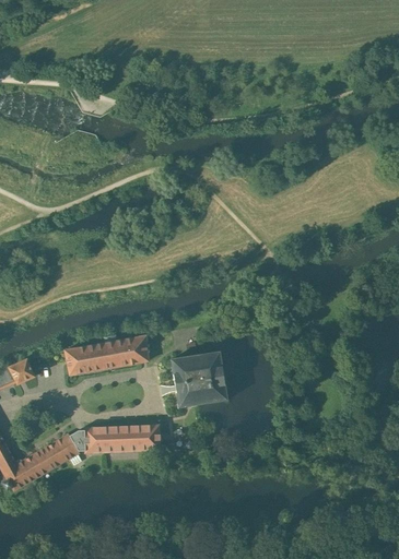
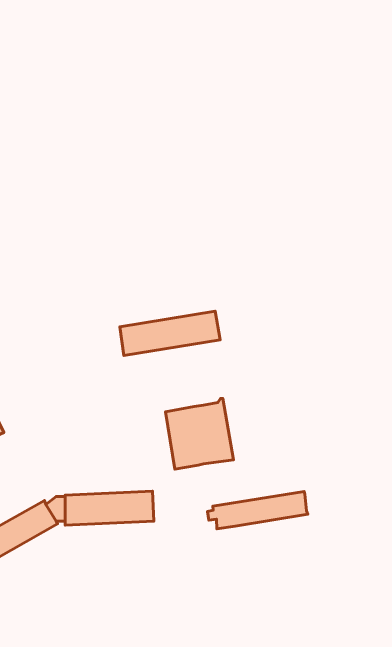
building: [62,336,146,373] -> [120,311,220,356]
building: none -> [207,492,308,529]

